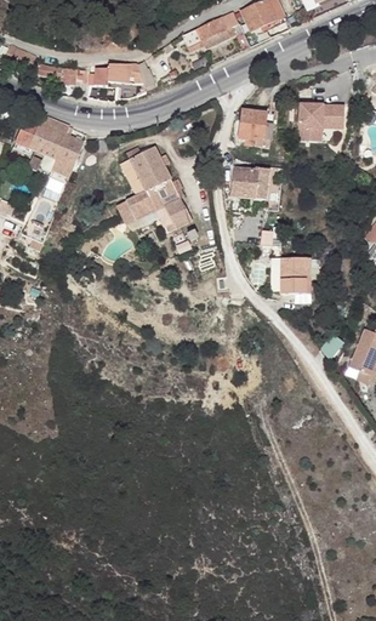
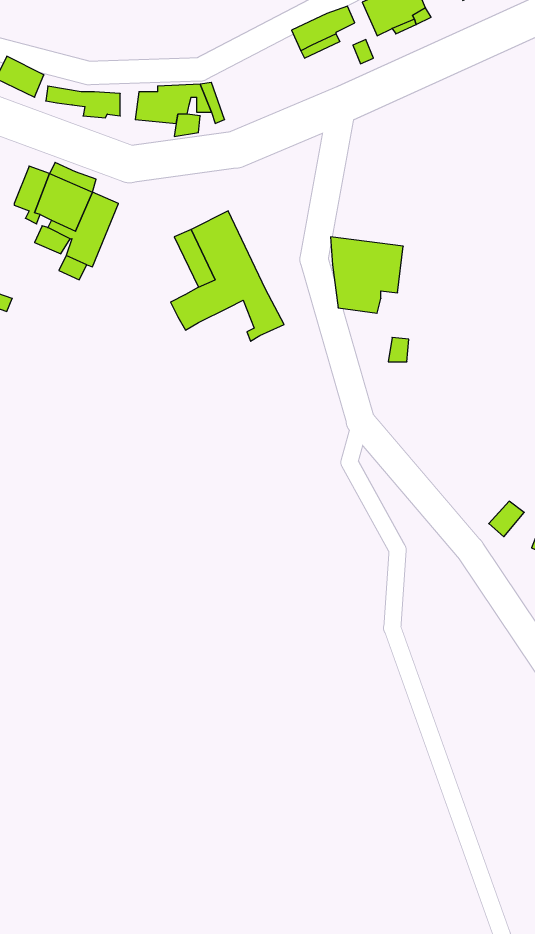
building: [296,102,342,141] -> none
building: [237,109,273,147] -> none
building: [279,257,309,294] -> none

